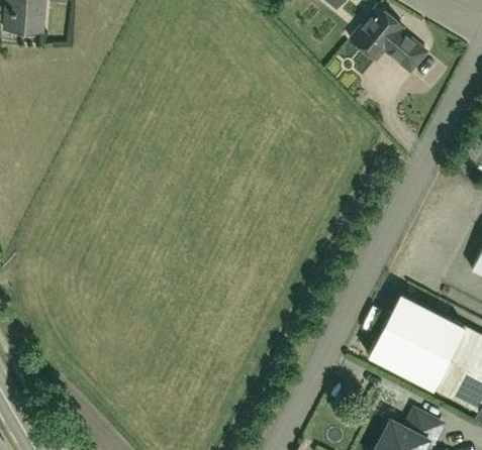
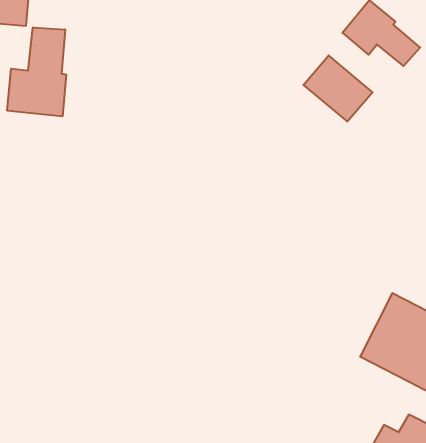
building: none -> [7,27,66,116]
building: none -> [303,55,373,122]

